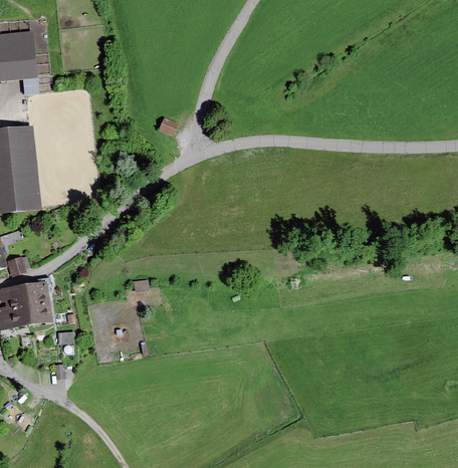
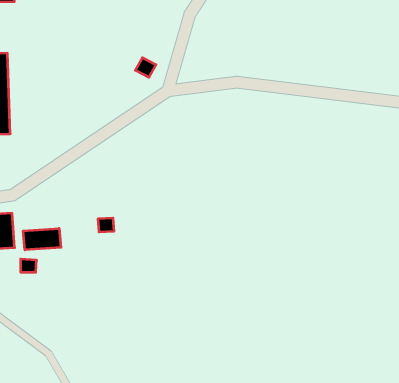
building: none -> [23,228,61,250]

